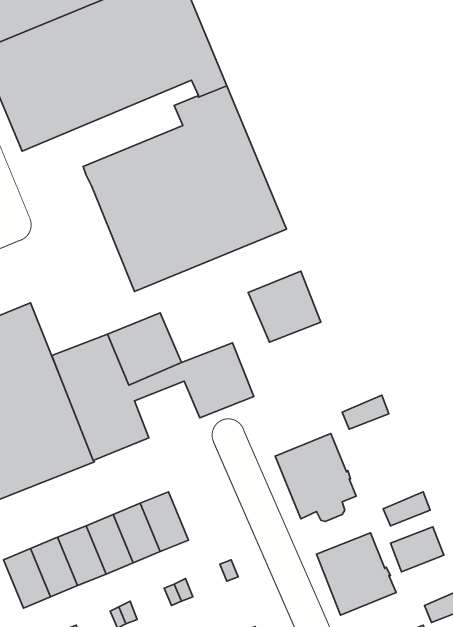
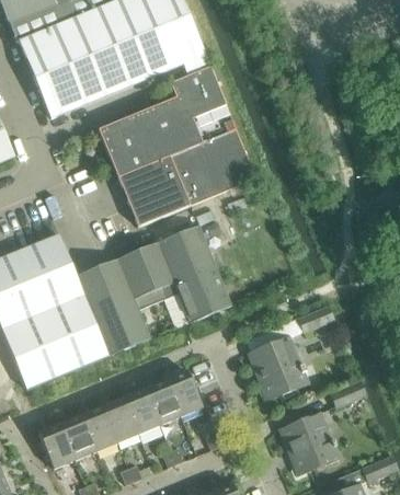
building: [248,271,321,342] -> [159,226,215,280]
building: none -> [165,371,202,417]
building: [391,527,444,572] -> none

